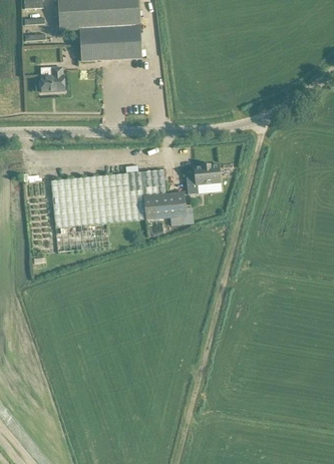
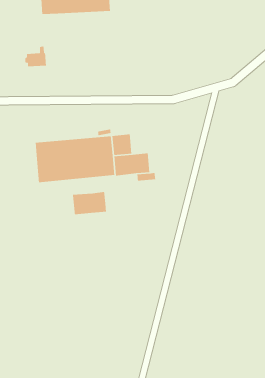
building: [79,26,142,60] -> none
building: [187,163,221,193] -> none
building: none -> [72,191,107,215]

